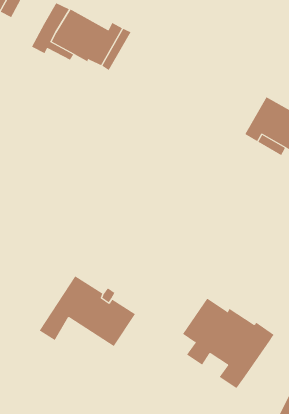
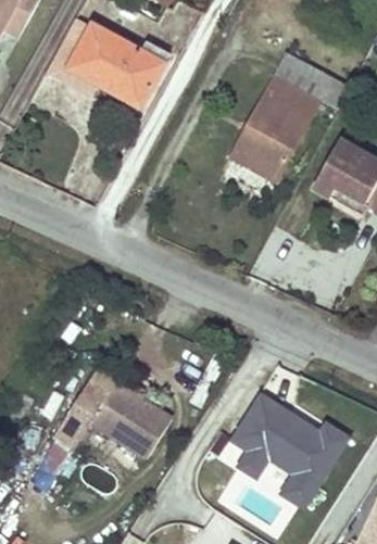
building: none -> [230,49,347,180]

